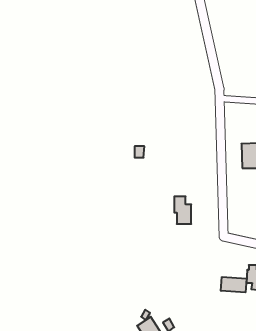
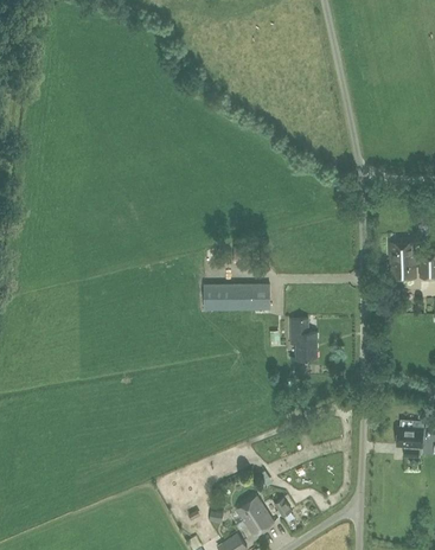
building: none -> [204,286,268,311]
building: [221,277,246,292] -> none

